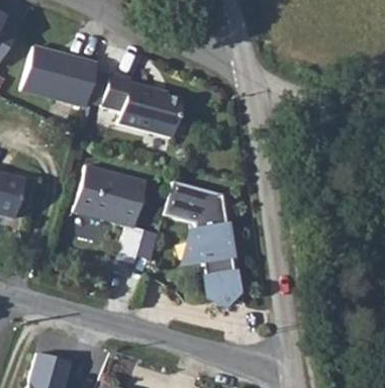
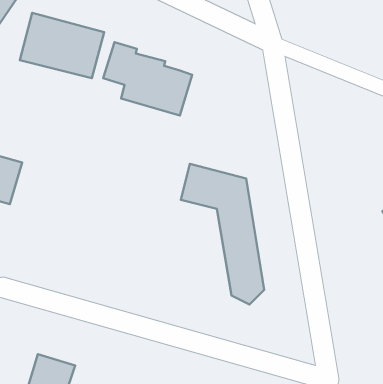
building: [72,164,143,262] -> none

